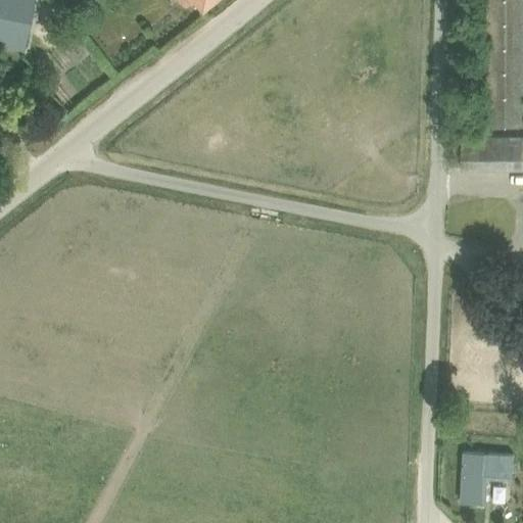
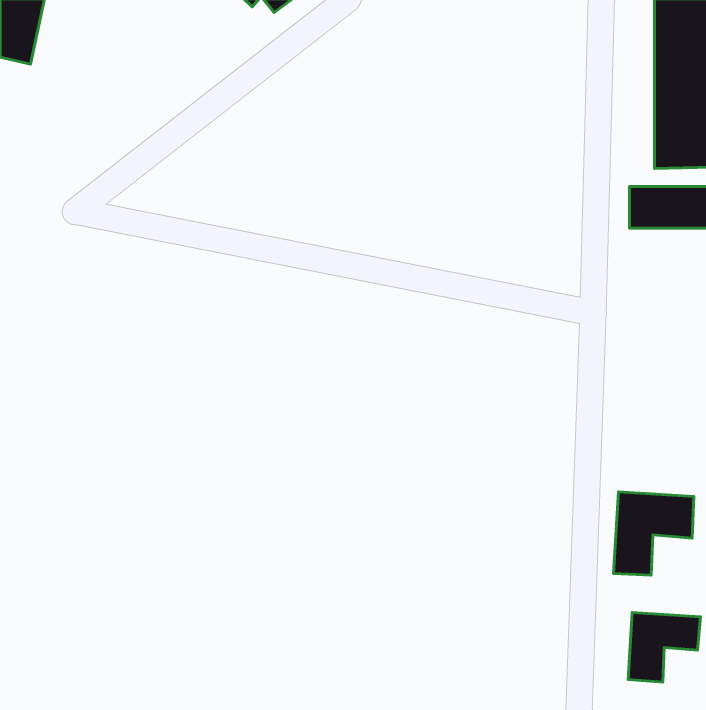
building: none -> [613,492,694,575]

